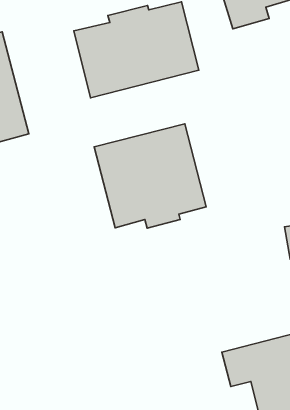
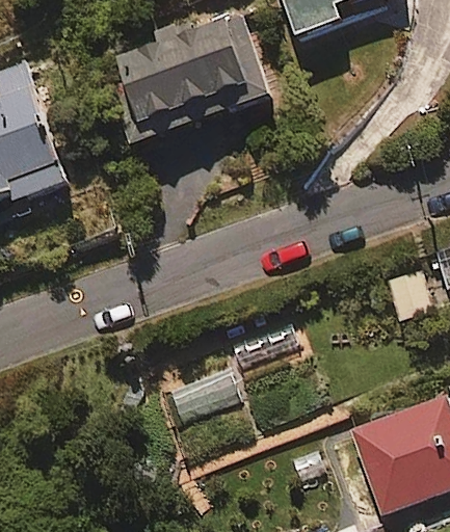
building: [94,124,206,228] -> none

